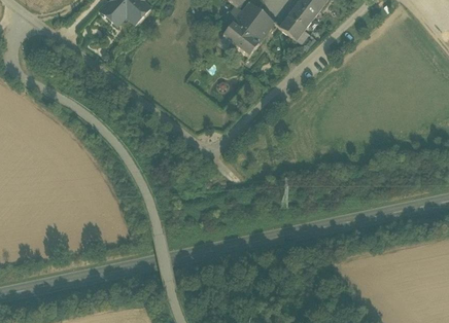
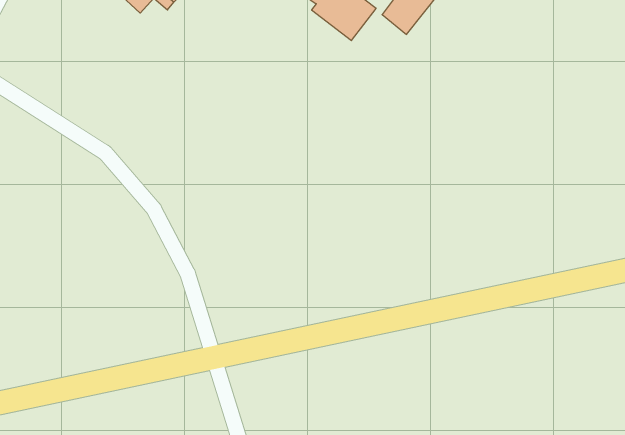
building: [223,23,260,56] -> none

